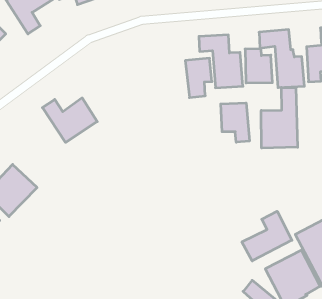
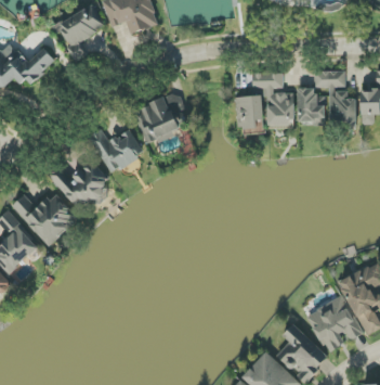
building: none -> [136,93,188,145]
building: [261,87,298,148] -> none
building: [221,103,249,142] -> none
building: none -> [49,159,107,210]
building: [242,211,292,261] -> none

